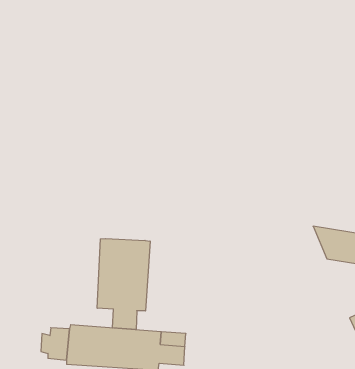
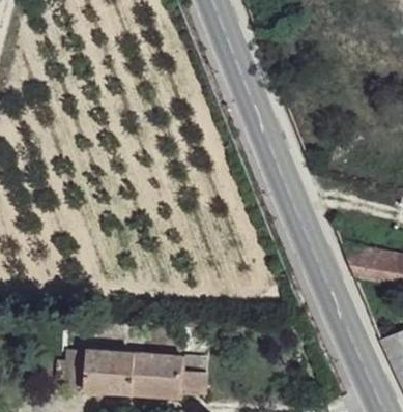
building: [97,239,150,330] -> none

